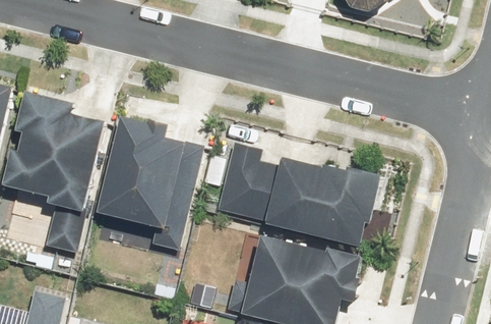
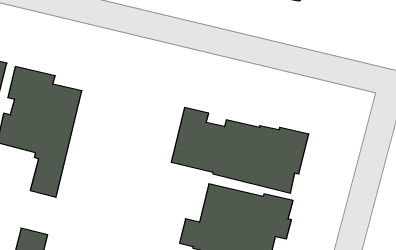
building: [97,116,201,250] -> none

